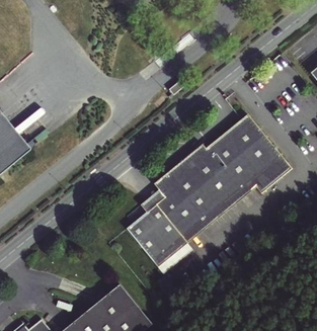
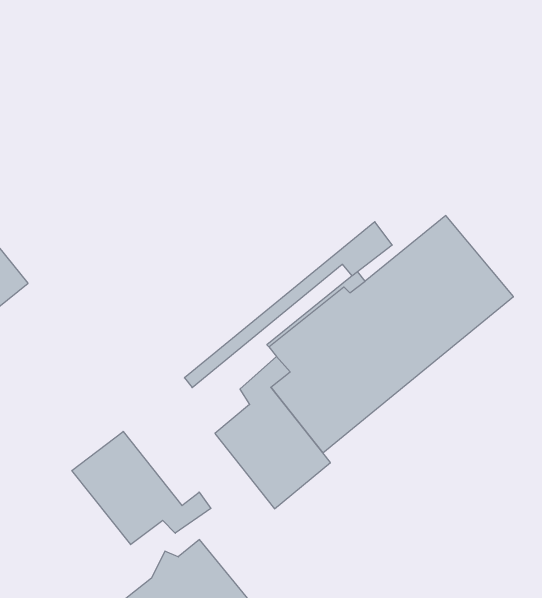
building: [184,157,294,244] -> [184,222,392,388]
building: none -> [72,431,211,545]

